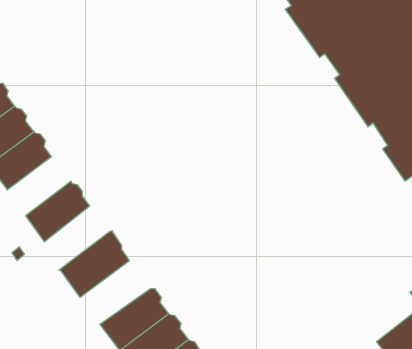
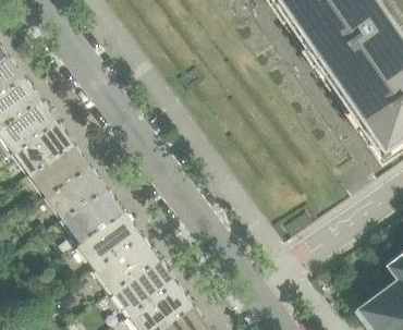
building: none -> [32,146,88,198]
building: none -> [59,190,122,257]
building: none -> [96,237,158,294]

